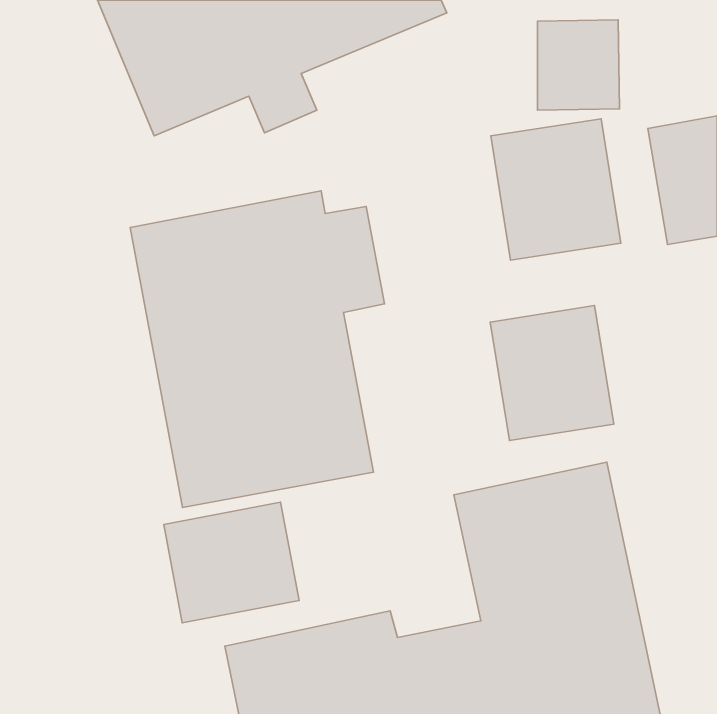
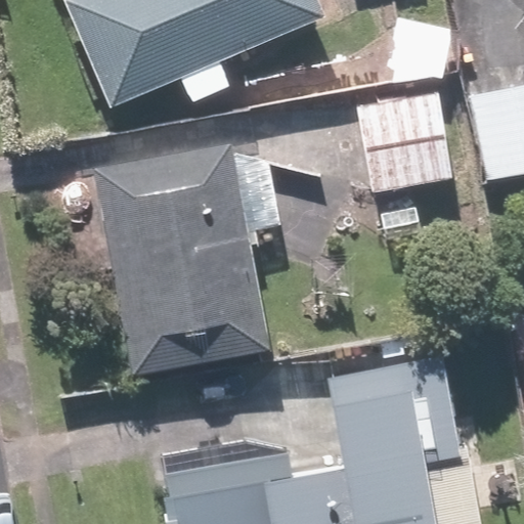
building: [490,306,614,441] -> none
building: [164,502,299,623] -> none

